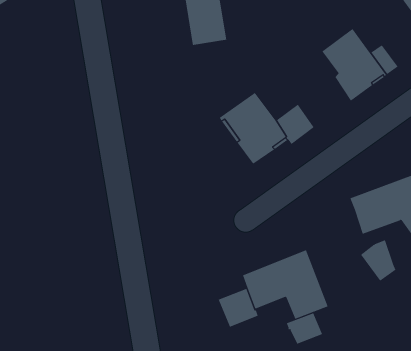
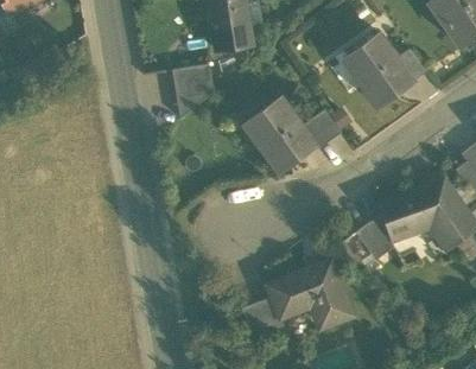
building: none -> [172,65,214,120]
building: [360,240,396,282] -> [355,218,392,261]
building: [286,312,323,345] -> none

